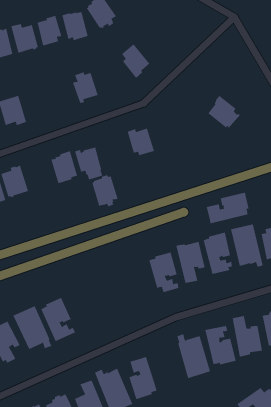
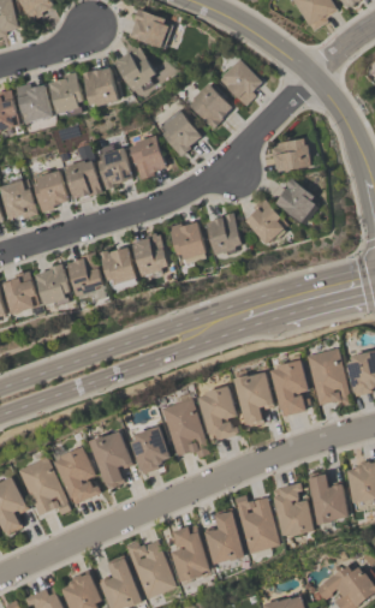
building: none -> [218,59,261,106]
building: none -> [189,83,232,129]
building: none -> [129,135,165,180]
building: none -> [269,138,310,171]
building: none -> [62,160,100,198]
building: none -> [32,169,66,213]
building: none -> [244,198,287,244]
building: none -> [206,211,242,255]
building: none -> [34,263,70,306]
building: [91,175,119,207] -> [132,233,168,276]
building: [206,192,249,224] -> none
building: none -> [161,399,209,458]
building: none -> [130,425,169,473]
building: none -> [88,430,132,489]
building: none -> [203,508,244,564]

